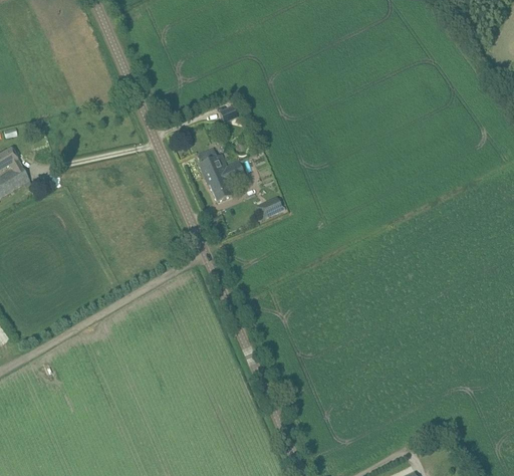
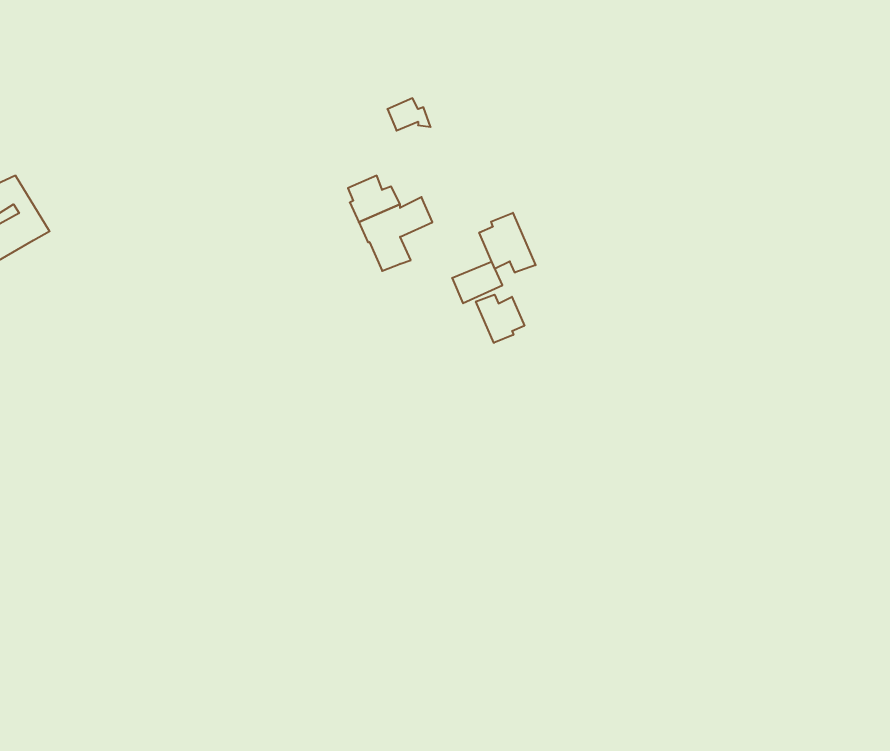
building: none -> [479,213,536,273]
building: none -> [476,295,524,343]

